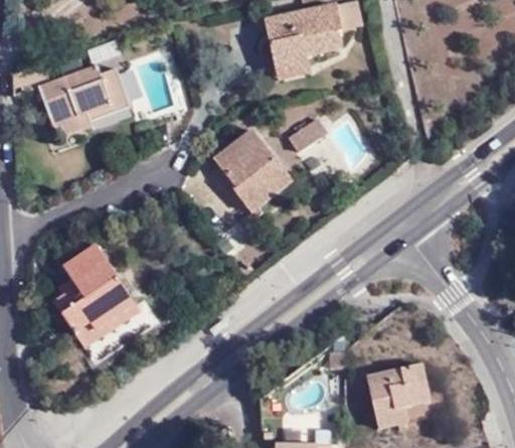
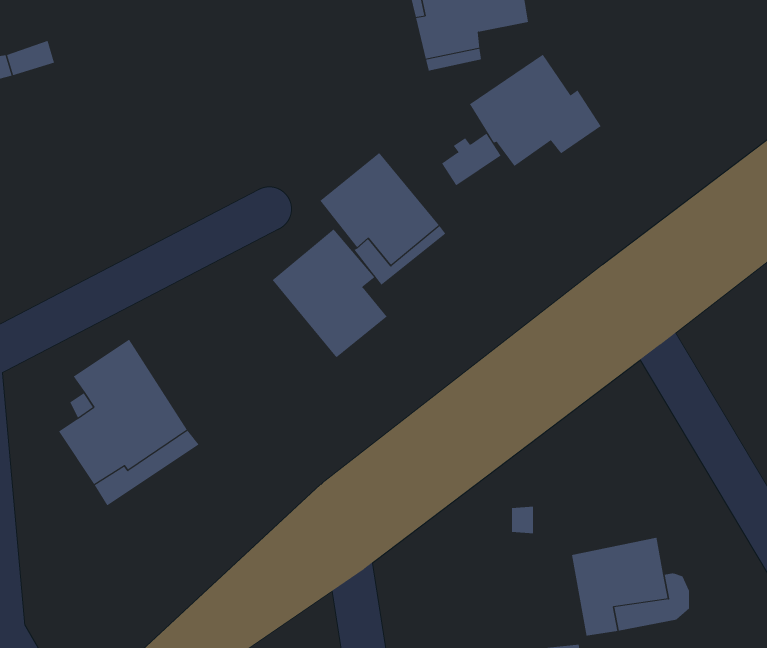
building: [38,66,129,137] -> none
building: none -> [469,54,602,167]
building: none -> [272,228,387,358]

